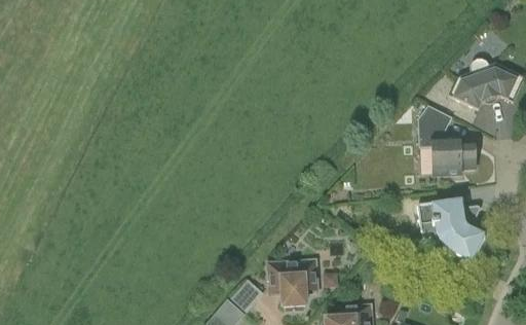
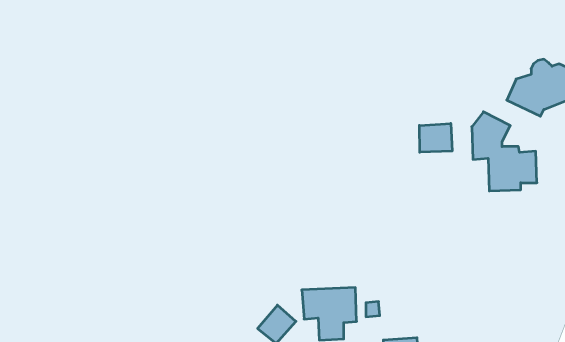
building: none -> [419,123,452,152]
building: [417,201,485,283] -> none

